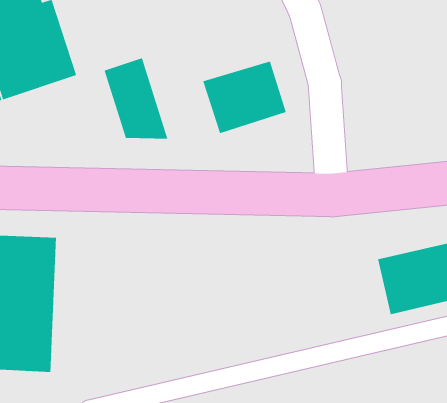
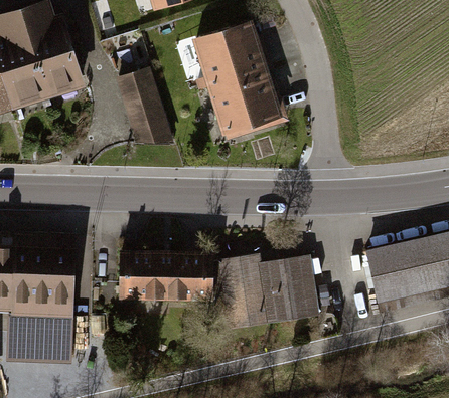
building: none -> [190,23,269,90]
building: none -> [117,250,208,303]
building: none -> [220,250,315,324]

